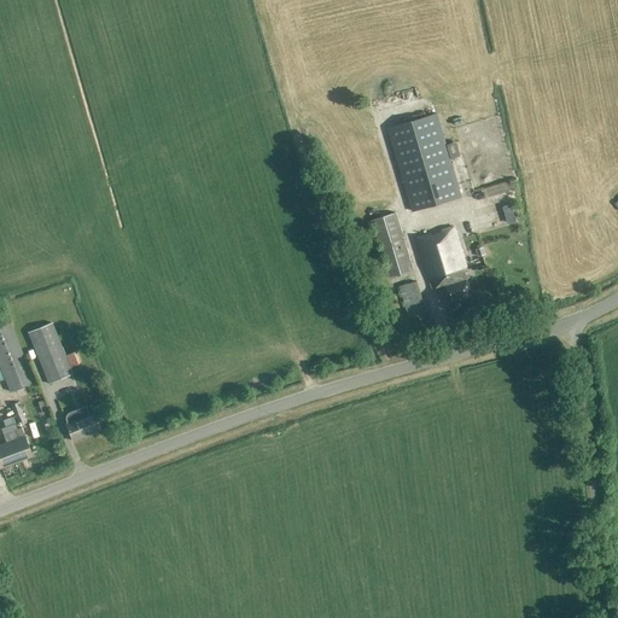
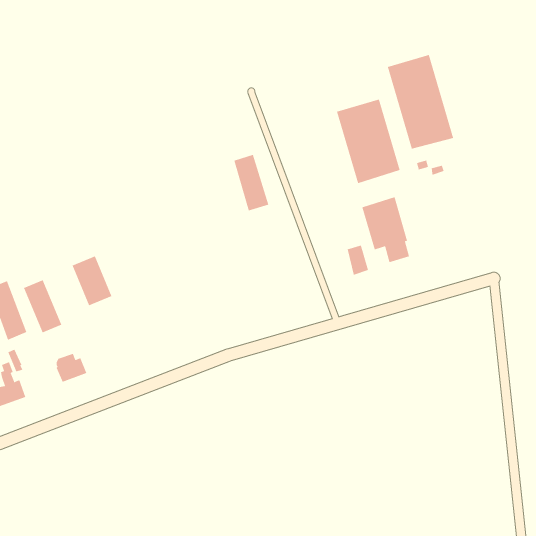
building: none -> [387,54,454,150]
building: [371,211,412,276] -> [234,154,269,211]
building: none -> [72,256,112,306]

